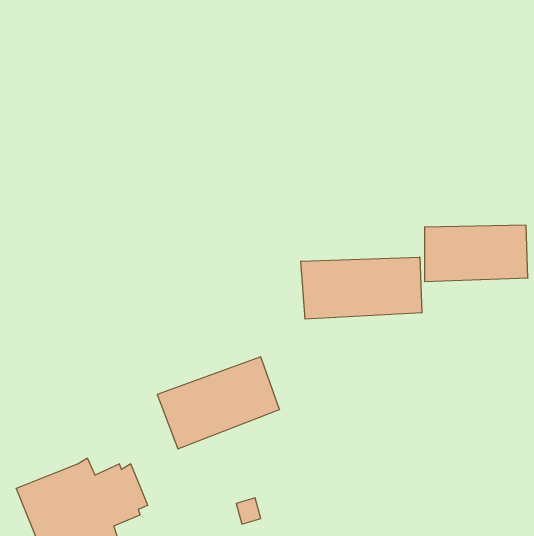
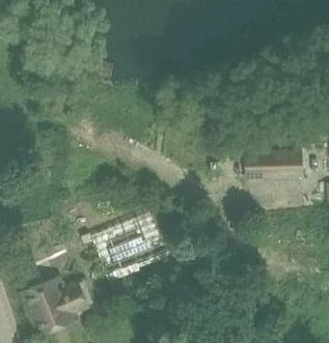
building: [301,257,422,319] -> none

